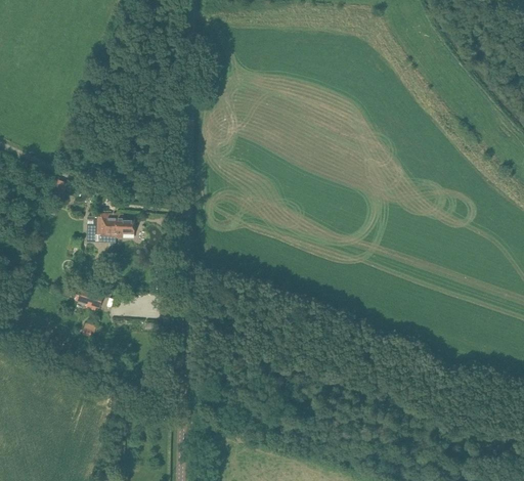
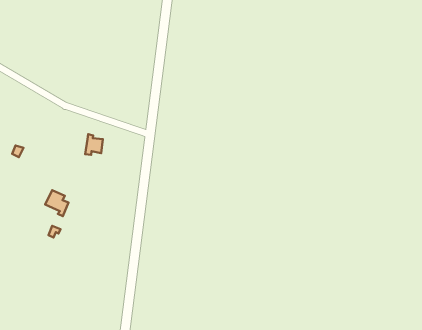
building: [92,214,117,237] -> none

